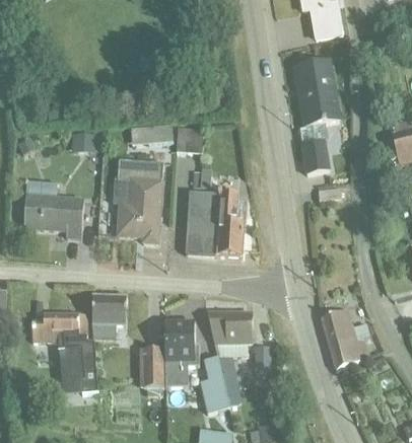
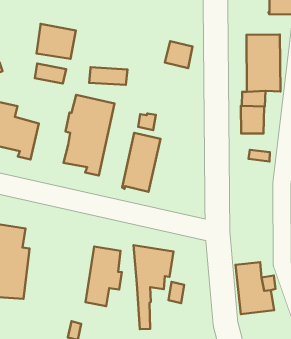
building: none -> [36,24,76,59]
building: [176,126,203,152] -> [165,41,193,68]
building: [214,193,247,256] -> none
building: [92,294,126,340] -> none
building: [139,348,164,394] -> none
building: [199,355,229,412] -> none

